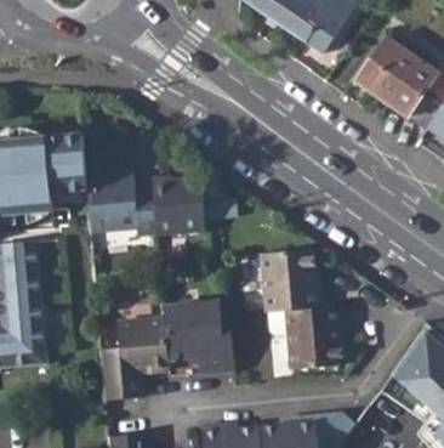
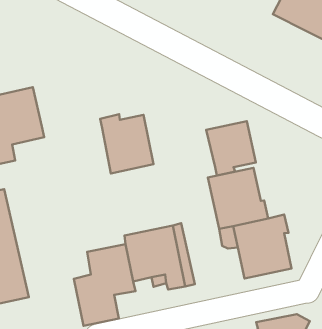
building: [84,171,154,238] -> none
building: none -> [206,121,256,175]

